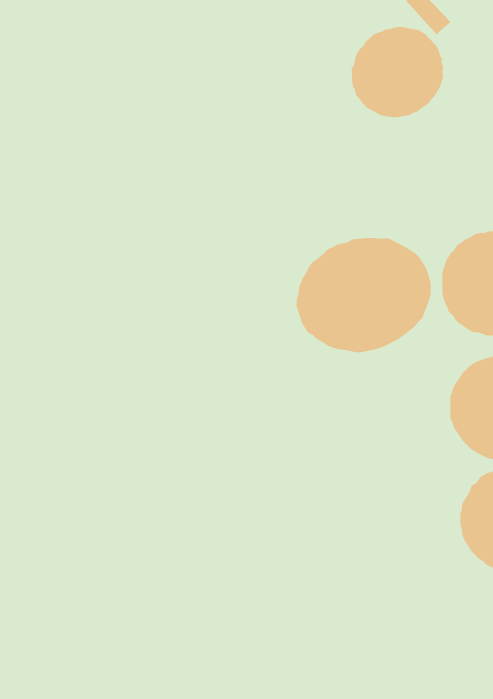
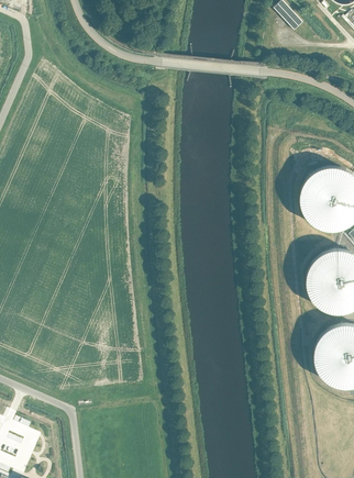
building: [351,26,444,118] -> none
building: [296,237,431,353] -> none

